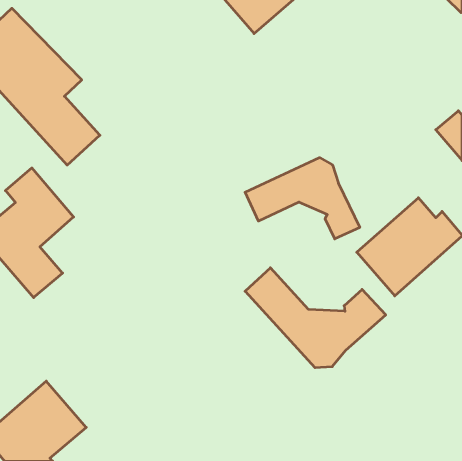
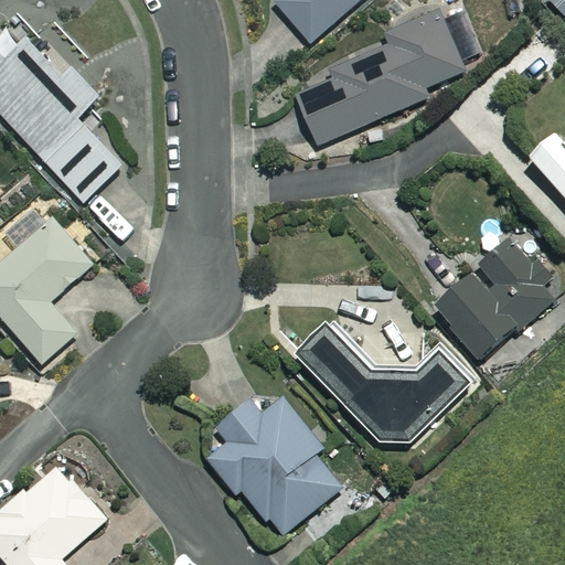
building: none -> [295,10,465,145]
building: [245,158,360,239] -> none
building: none -> [206,394,347,536]

